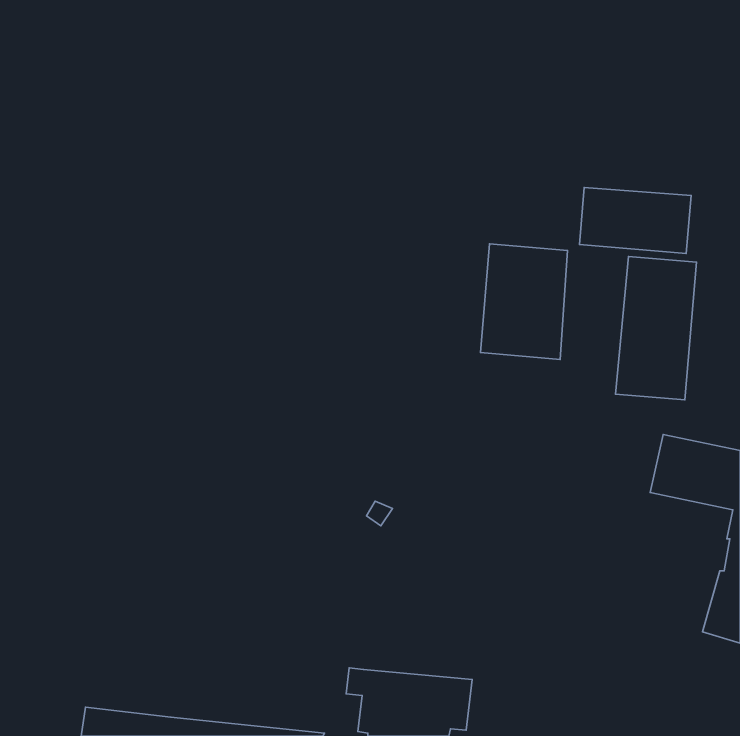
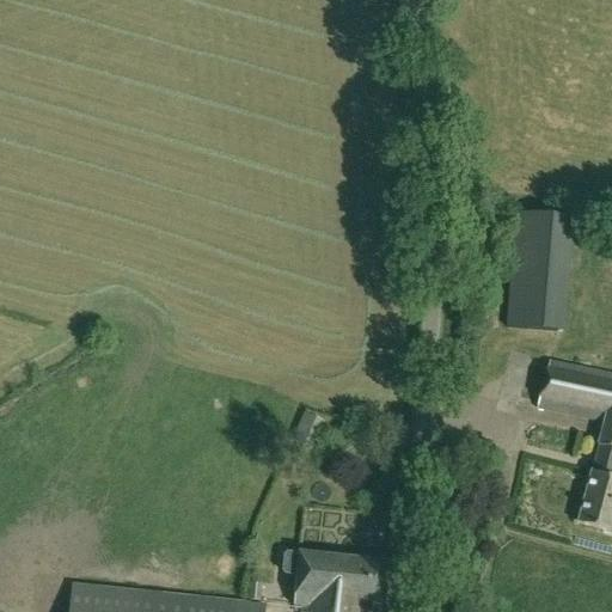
building: [579,188,691,254] -> none
building: [480,244,568,359] -> none

